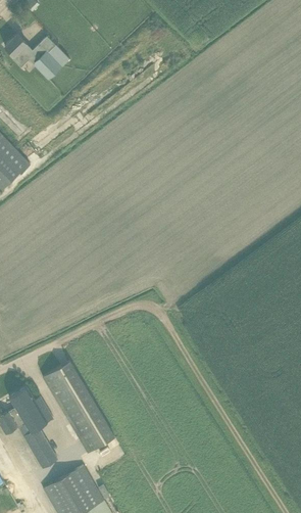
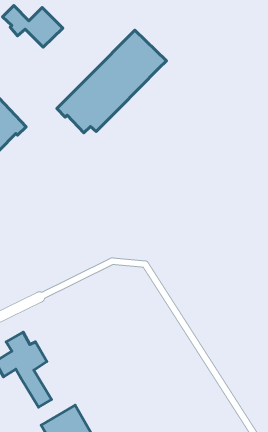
building: none -> [57,30,167,133]
building: [42,361,119,453] -> none

